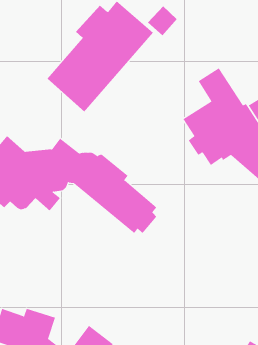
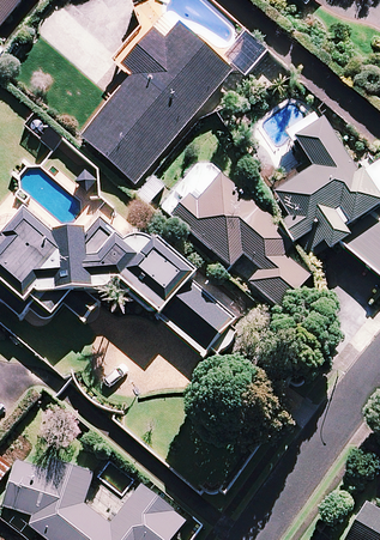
building: none -> [170,172,310,308]

